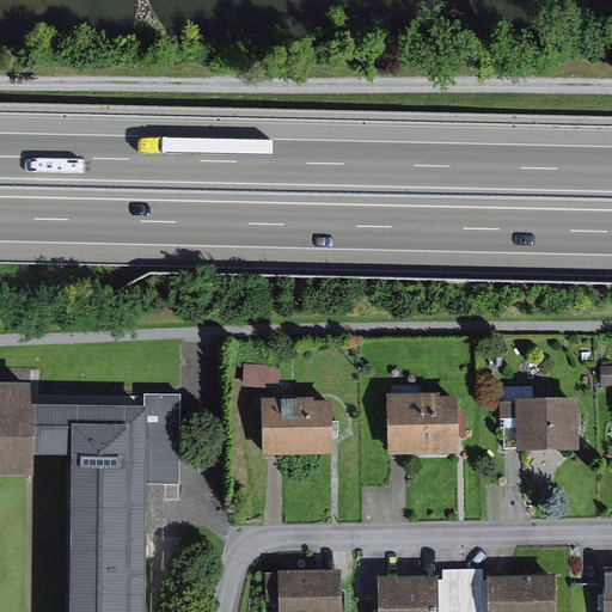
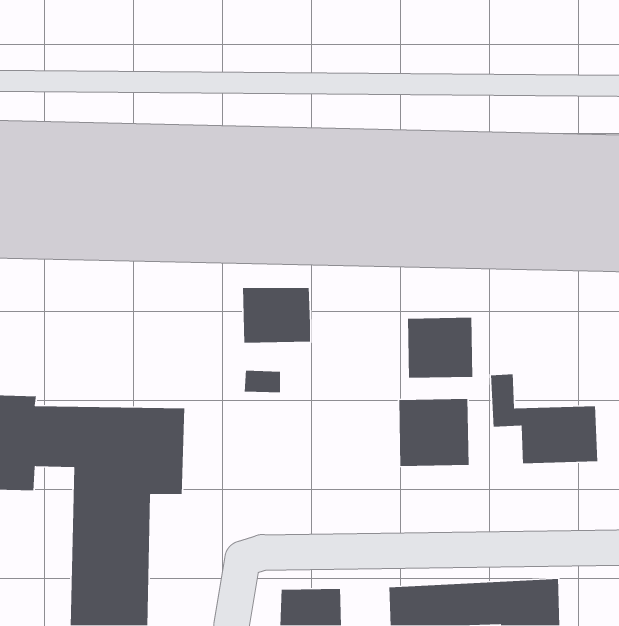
building: none -> [407,317,473,379]
building: [257,400,324,455] -> [242,287,311,344]

